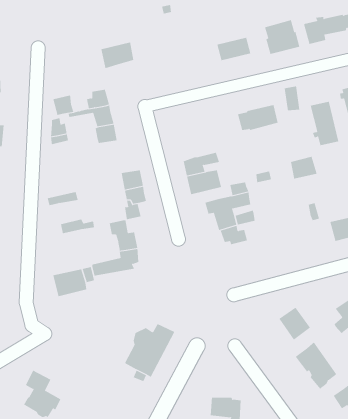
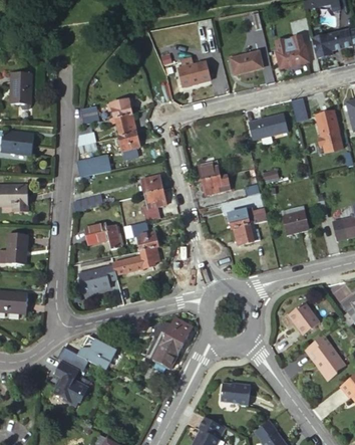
building: [100,42,134,69] -> [176,62,208,87]
building: none -> [75,153,108,177]
building: [290,156,317,179] -> [284,212,309,233]
building: none -> [87,227,120,247]
building: none -> [57,333,114,370]

